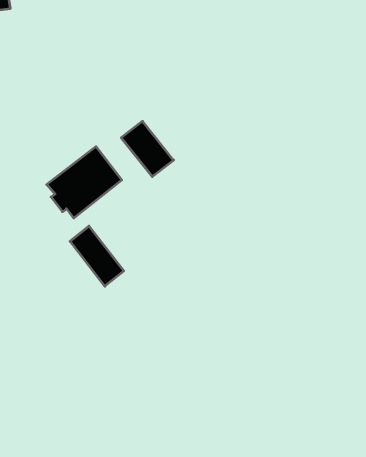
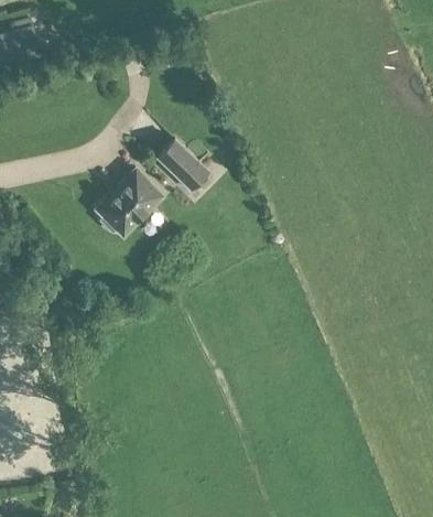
building: [70,226,124,286] -> none

